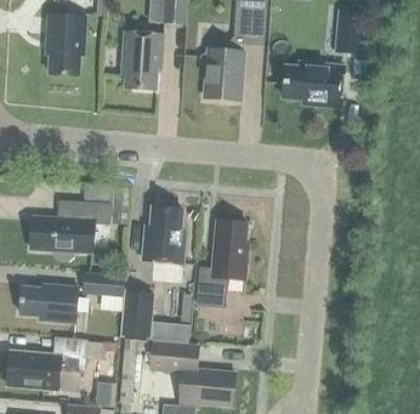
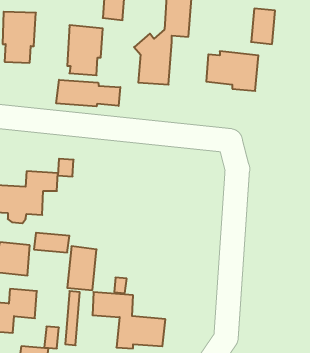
building: none -> [56,80,120,106]
building: [142,206,185,262] -> none
building: [197,220,248,306] -> none

